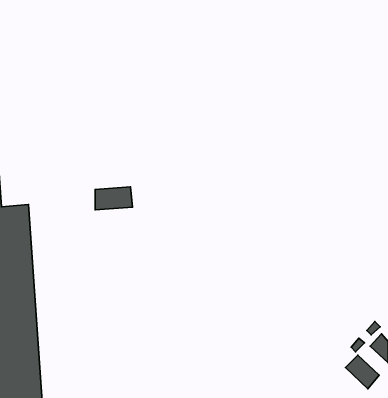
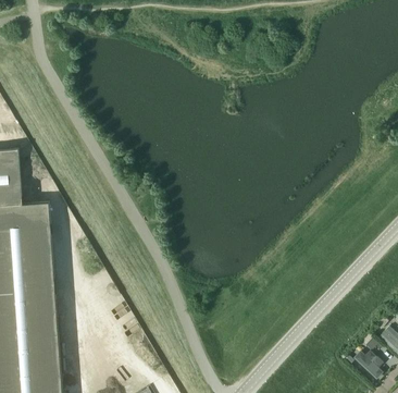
building: [95,187,133,210] -> none

